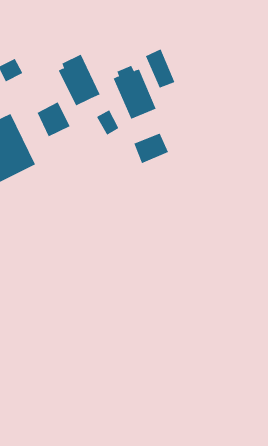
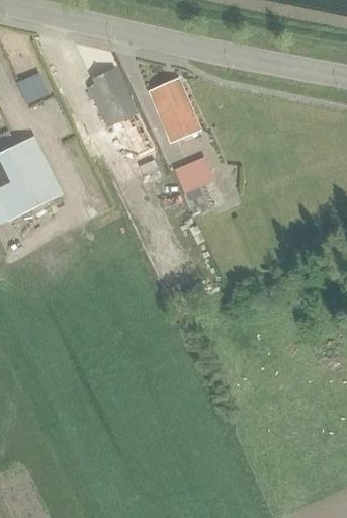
building: [145,48,175,88] -> none
building: [37,101,71,137] -> none

